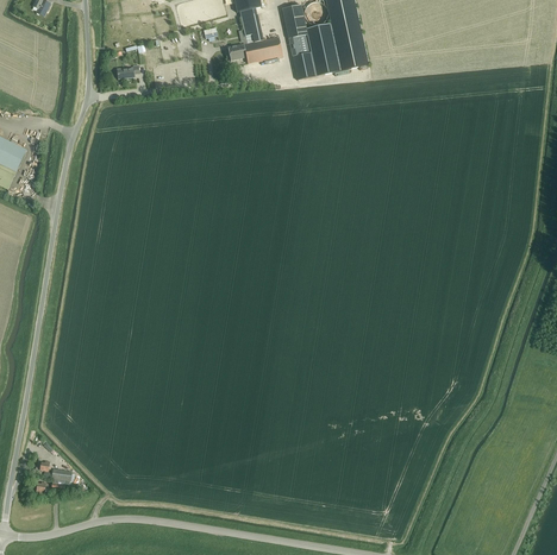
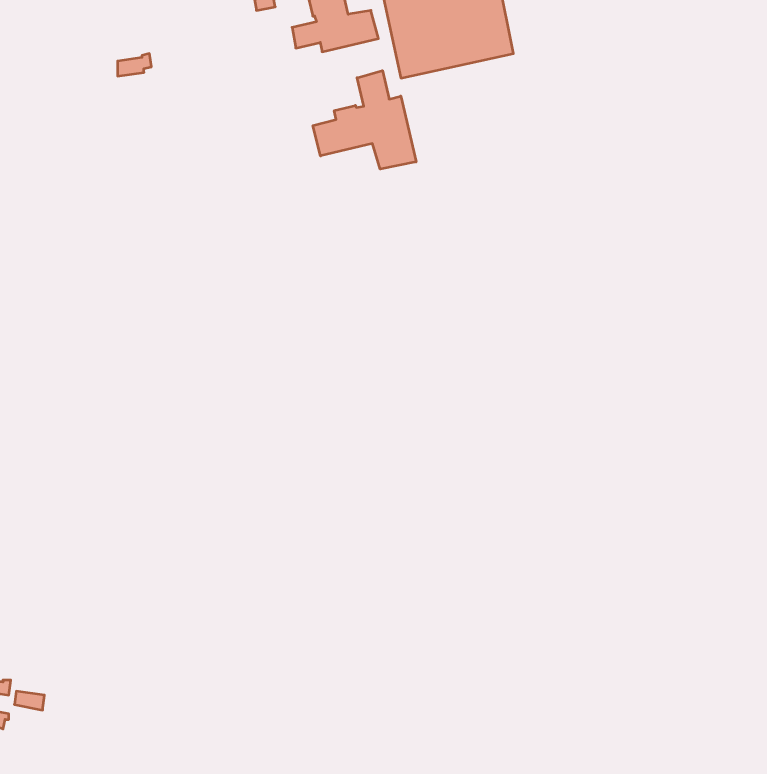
building: none -> [313,71,416,169]

